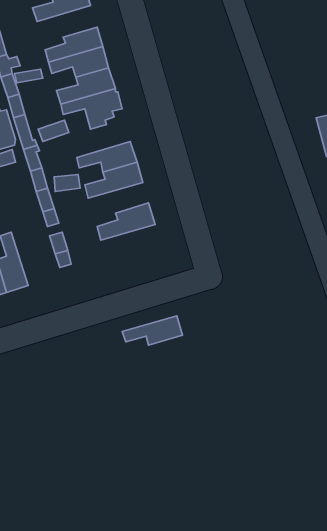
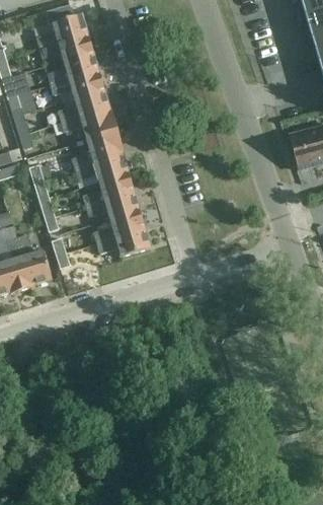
building: none -> [39,33,93,62]
building: none -> [71,126,123,169]
building: none -> [85,192,139,219]
building: none -> [12,220,52,284]
building: [122,316,182,345] -> [96,229,150,256]

